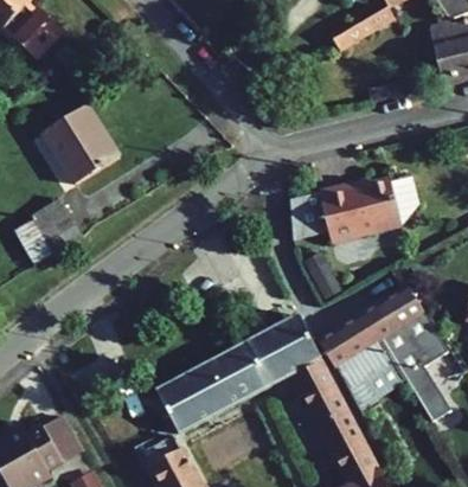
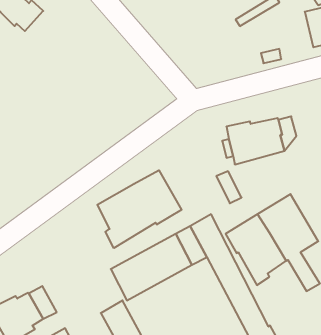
building: [41,103,118,184] -> none
building: [31,198,83,254] -> none
building: none -> [97,170,182,248]

